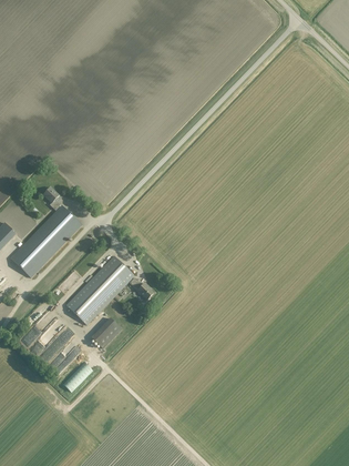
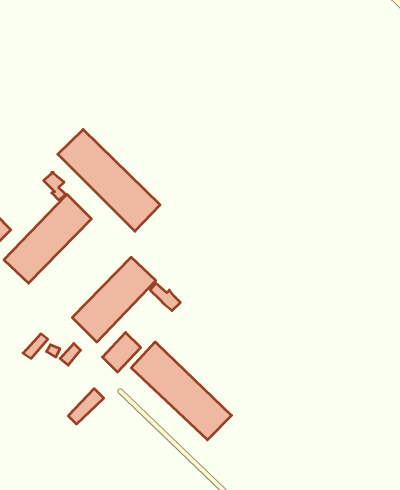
building: none -> [58,129,160,231]
building: none -> [131,342,232,440]

